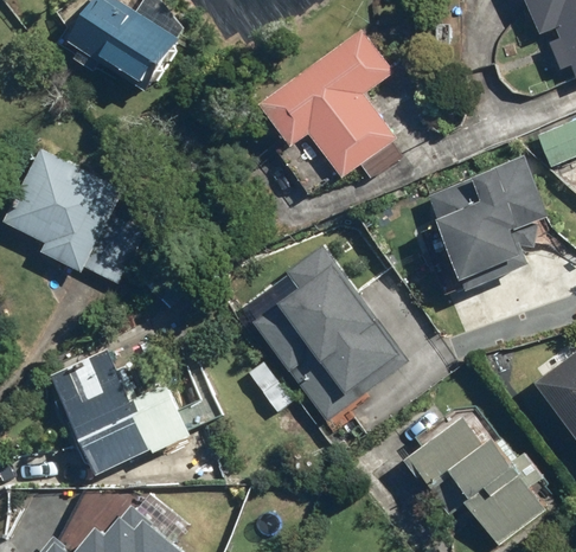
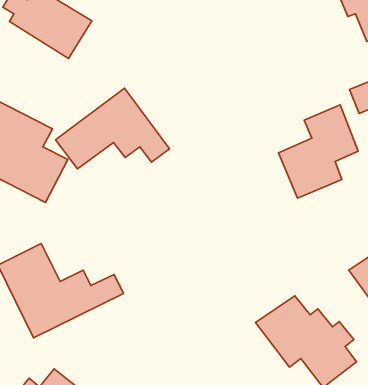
building: [263,28,399,184] -> none
building: none -> [55,88,170,169]
building: [239,243,408,403] -> none

